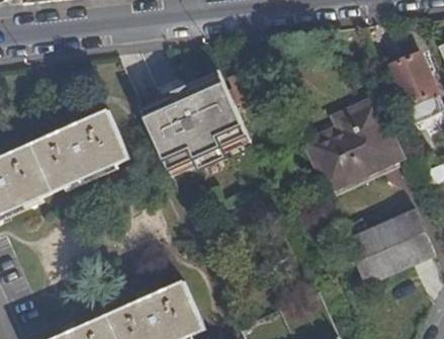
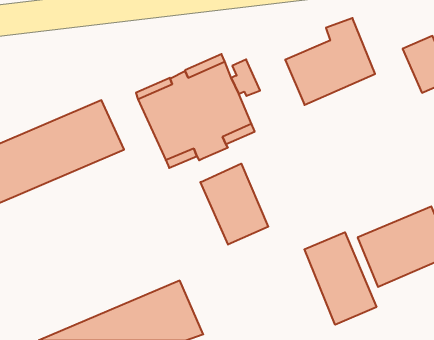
building: [309,107,394,189] -> [285,18,375,105]
building: none -> [200,164,268,245]
building: none -> [304,232,376,325]

